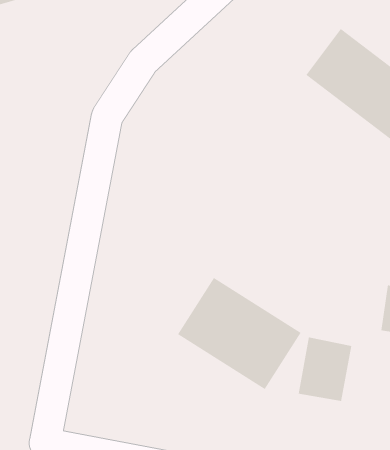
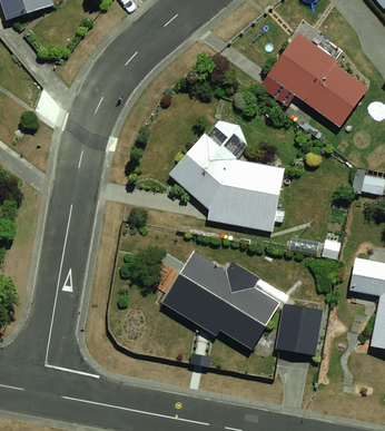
building: none -> [181,140,290,236]

